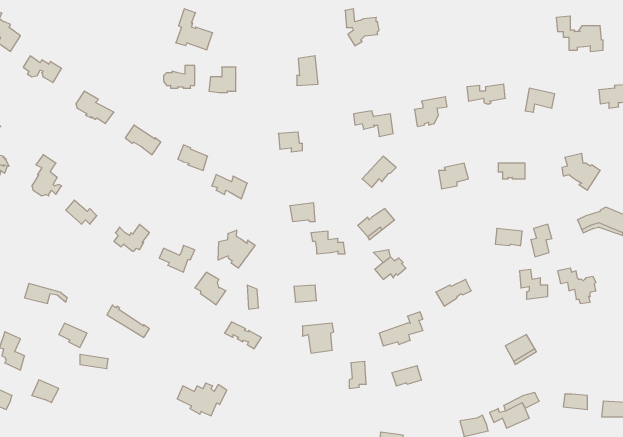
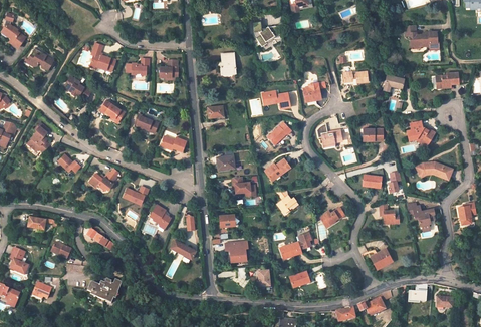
building: [176,9,213,50] -> [89,42,115,71]
building: [218,230,255,268] -> none
building: [177,383,227,416] -> [87,279,123,302]

